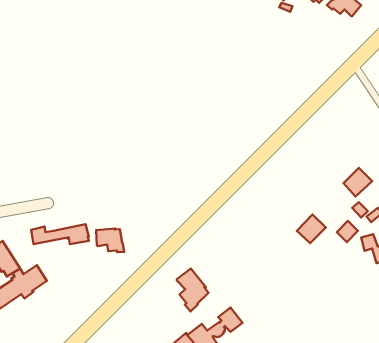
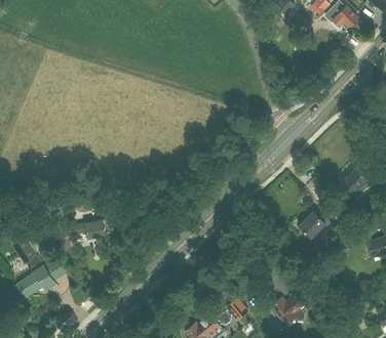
building: [96,228,124,252] -> none
building: [177,269,208,311] -> none
building: none -> [271,293,317,324]

